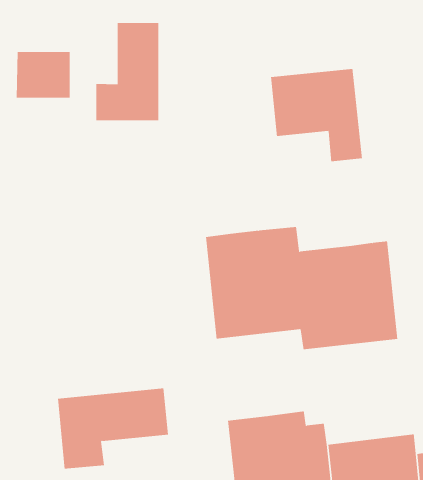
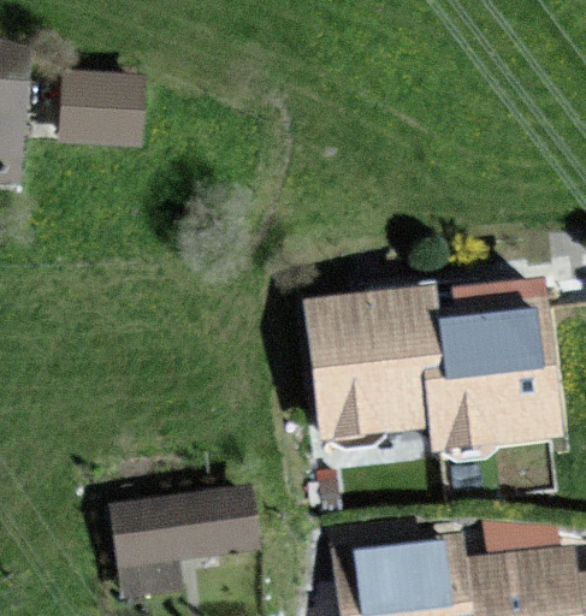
building: [96,22,159,121] -> none
building: [270,68,362,162] -> none

